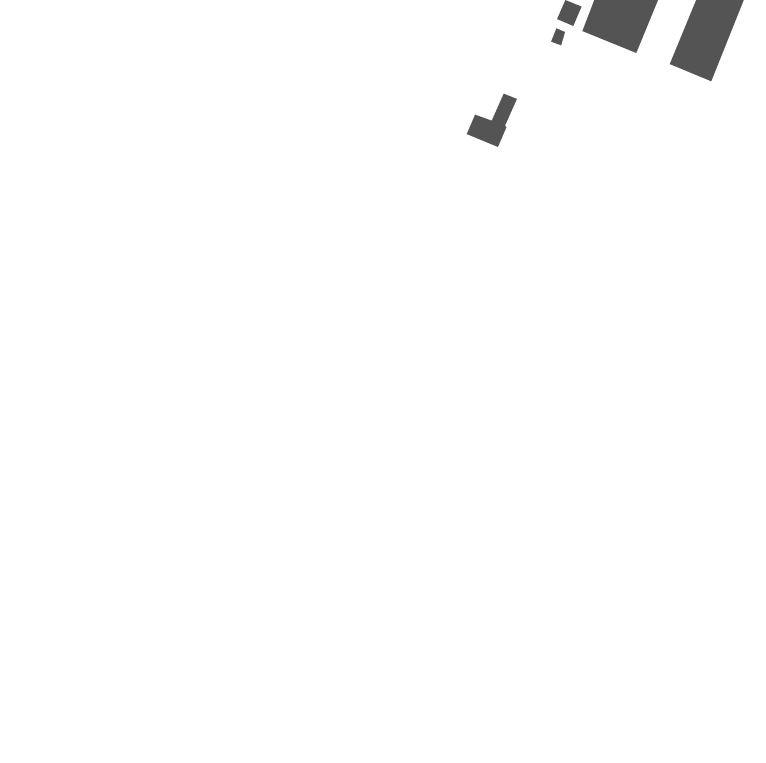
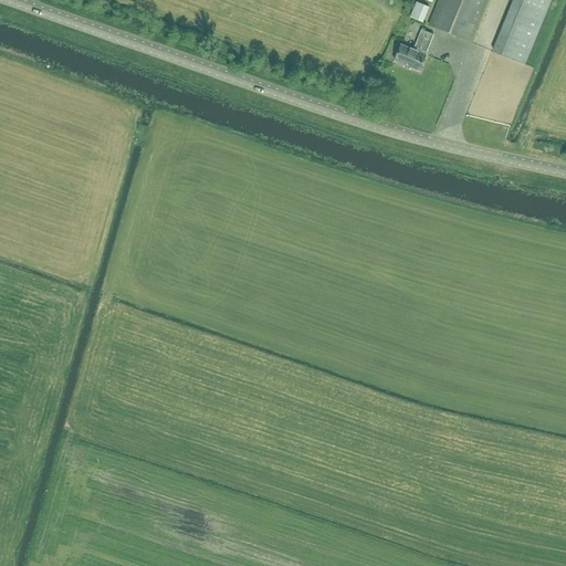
building: [466,93,518,148] -> [394,28,432,69]

